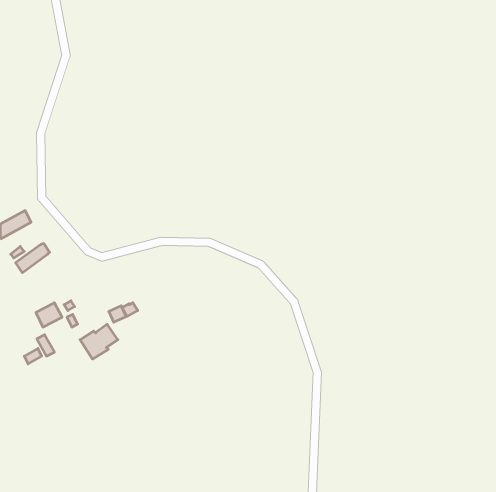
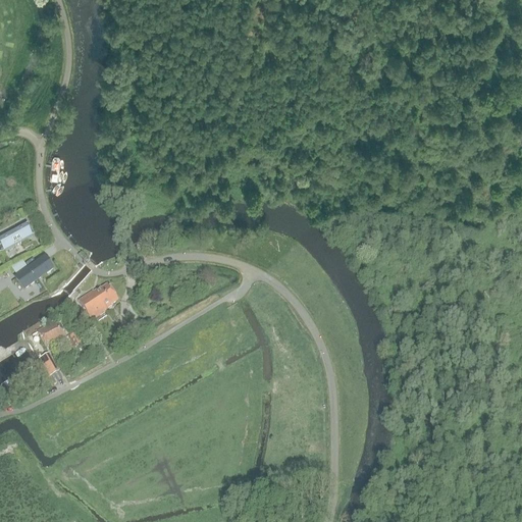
building: [80,324,118,359] -> [77,280,117,317]

